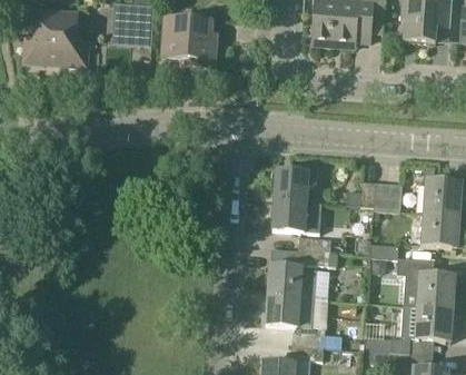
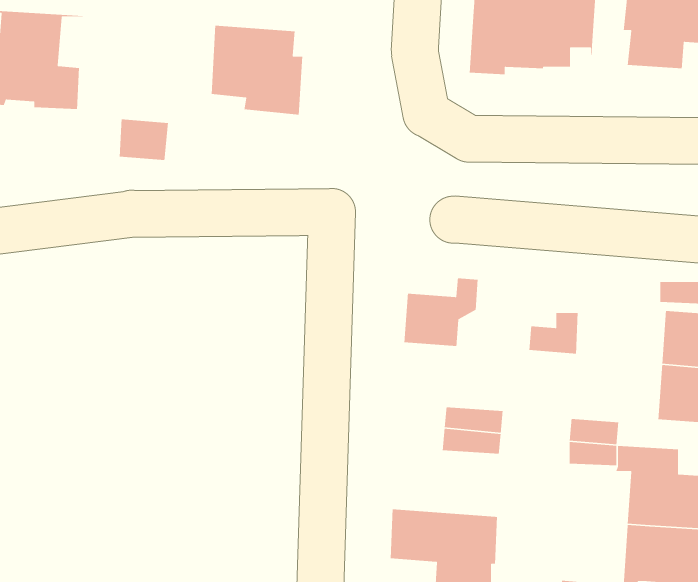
building: [120,11,149,36] -> [119,118,169,161]
building: [373,181,401,210] -> none
building: [271,199,321,233] -> none
building: [267,265,329,299] -> none

